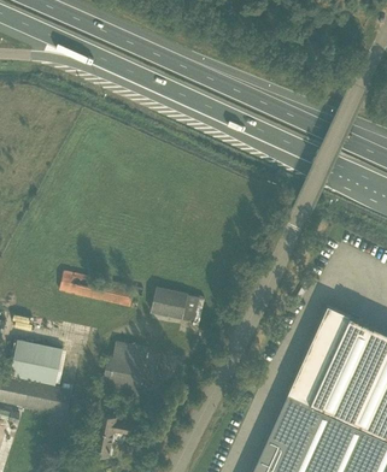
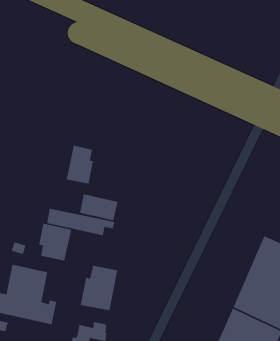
building: none -> [66,145,94,185]
building: [152,290,200,324] -> [79,194,119,221]
building: none -> [38,223,72,262]

